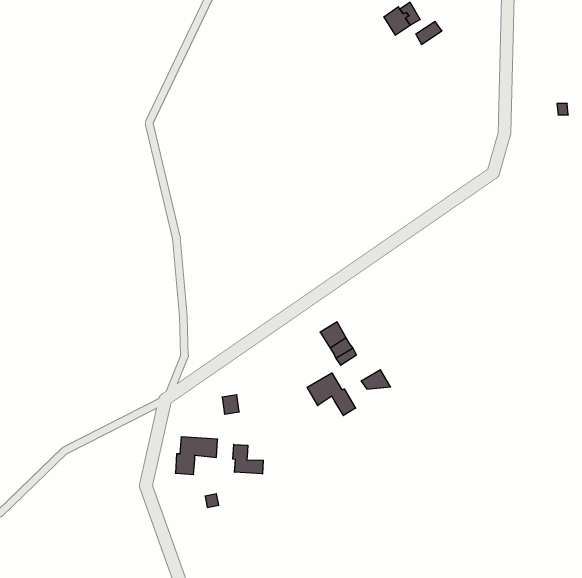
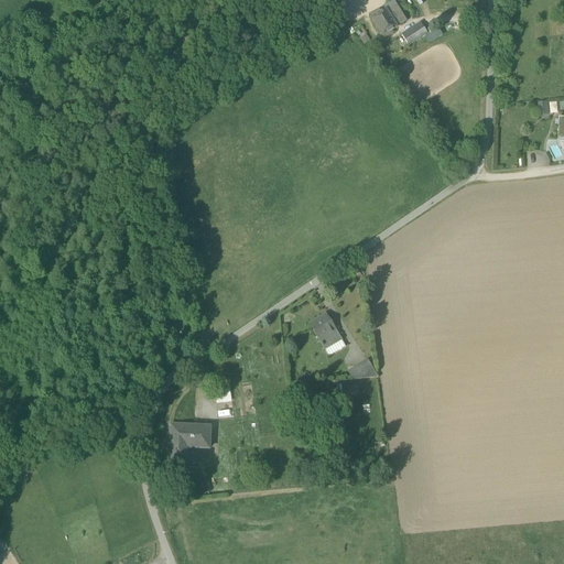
building: [307,373,356,416] -> none
building: [233,444,263,474] -> none

